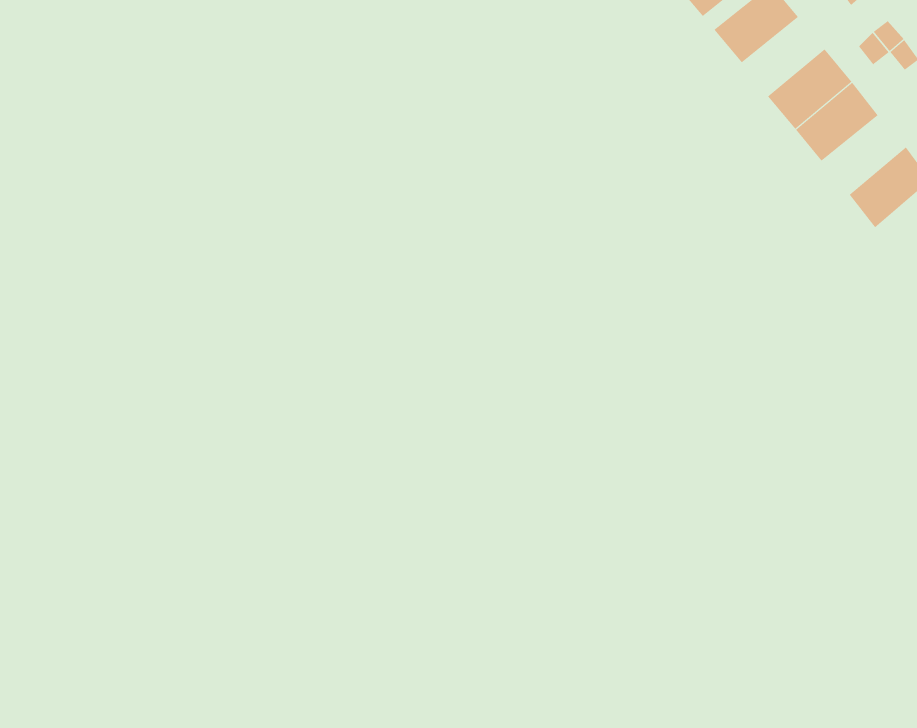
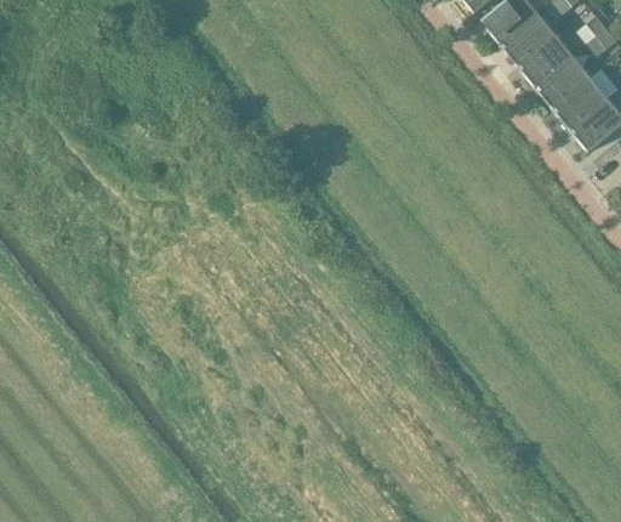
building: none -> [501,13,556,66]
building: none -> [553,78,609,130]

